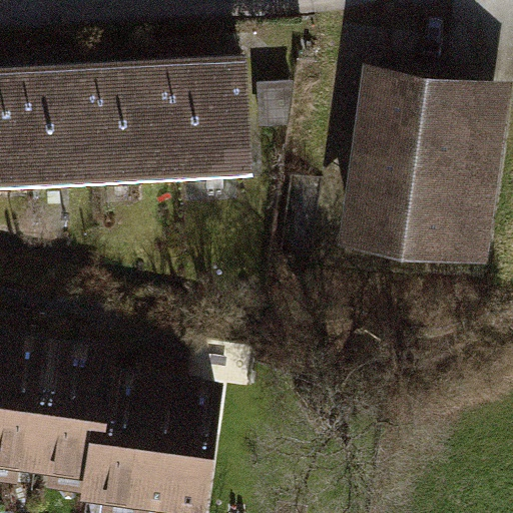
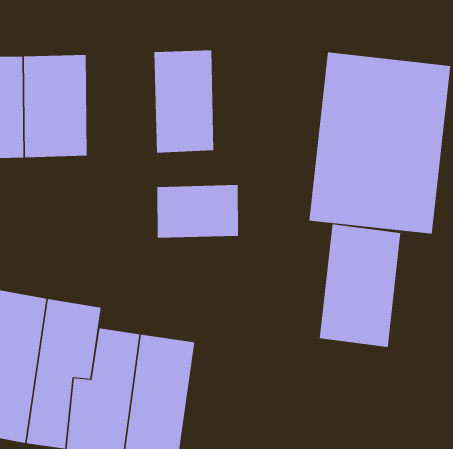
building: [97,65,175,182] -> none
building: none -> [157,184,239,239]
building: none -> [319,223,401,348]

